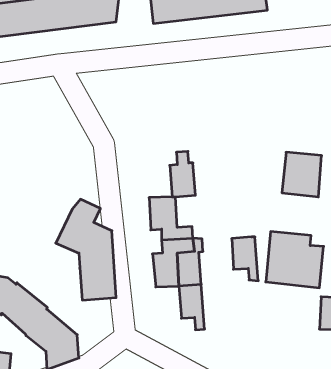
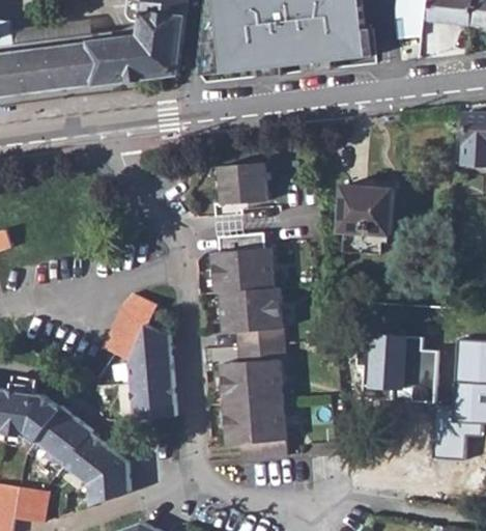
building: none -> [217,164,270,218]
building: none -> [211,235,254,294]
building: [282,152,322,197] -> [338,181,388,237]
building: [232,237,258,281] -> [252,289,285,344]
building: none -> [227,403,277,460]

